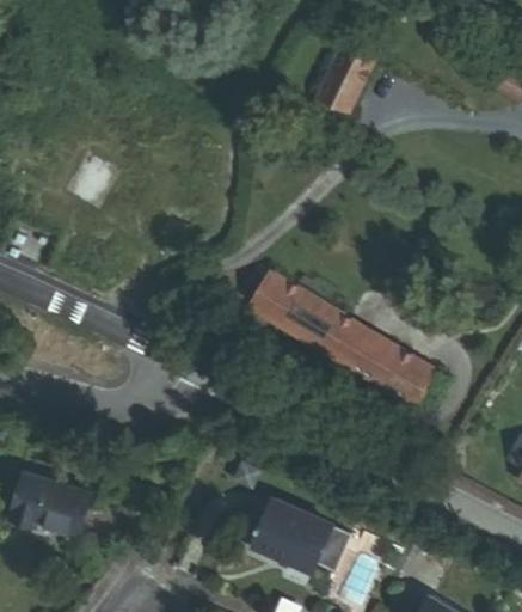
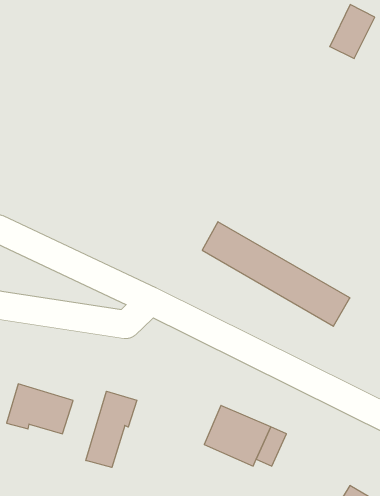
building: [319,45,374,111] -> [330,5,375,58]
building: none -> [86,391,137,467]

